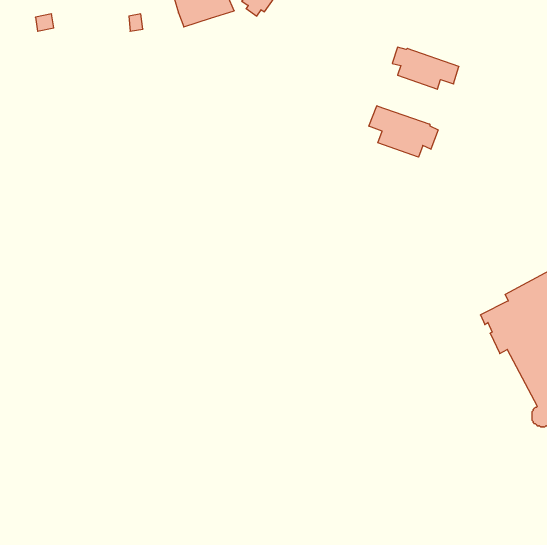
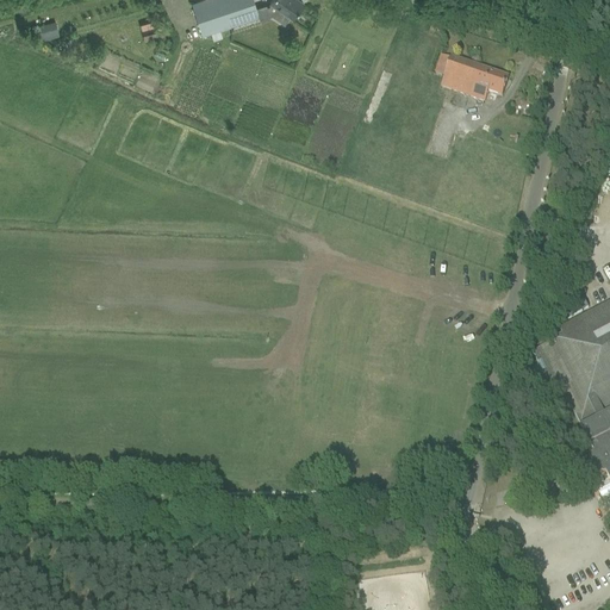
building: [369,106,438,157] -> none

